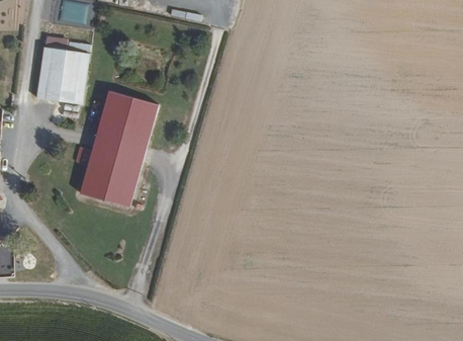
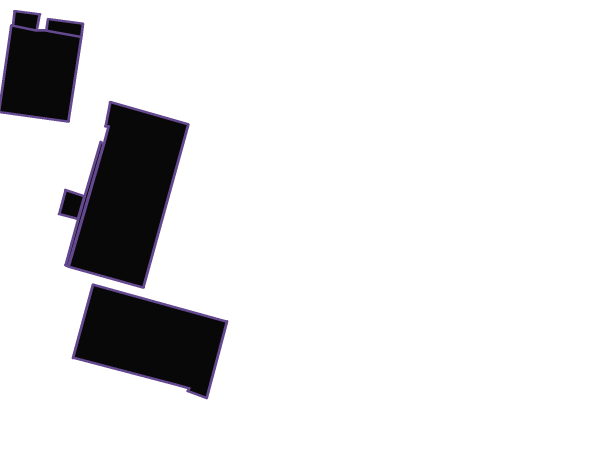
building: none -> [73,285,227,398]

